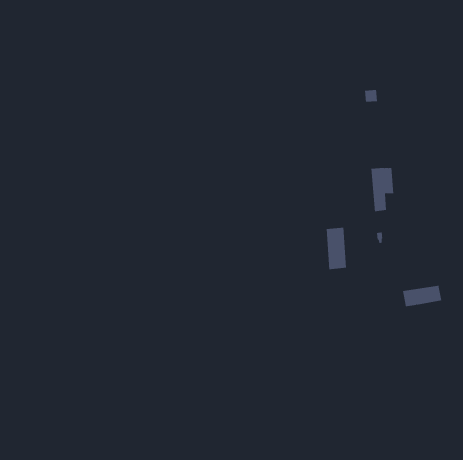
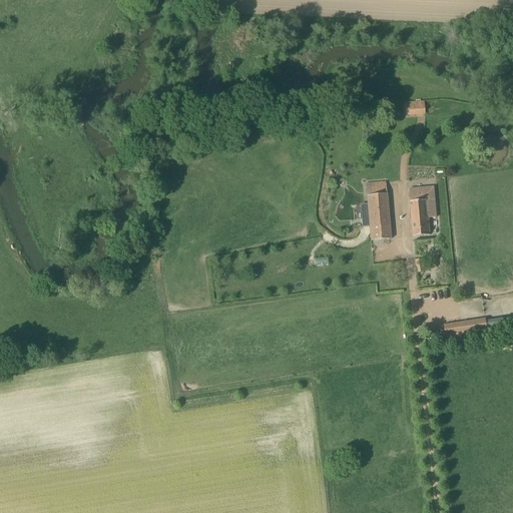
building: [326,227,347,270] -> [367,191,390,238]

